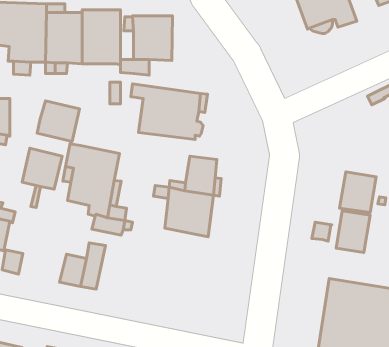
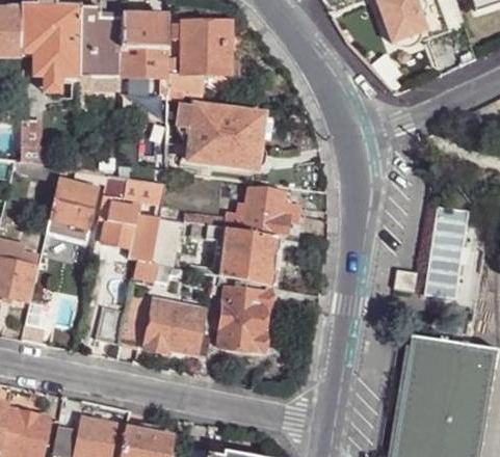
building: [37,101,80,141] -> none
building: none -> [218,284,270,351]
building: none -> [144,300,204,352]

